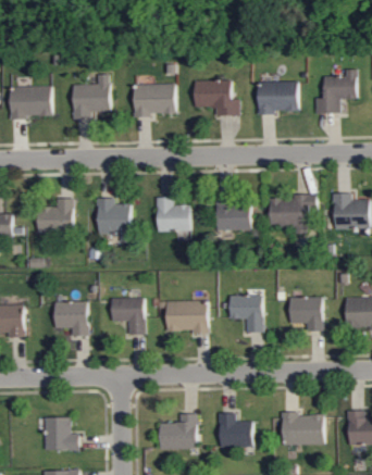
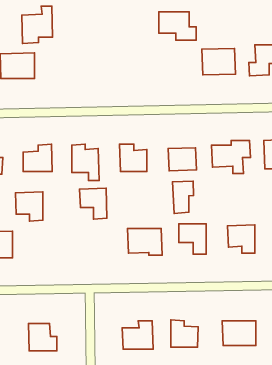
building: [72,74,110,120] -> [22,6,53,43]
building: [194,80,239,115] -> [159,12,196,40]
building: [133,84,175,117] -> none
building: none -> [173,181,193,213]
building: [110,297,144,335] -> [79,188,107,219]
building: [53,301,87,337] -> [15,192,43,221]

